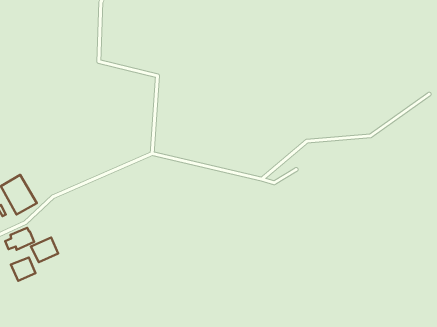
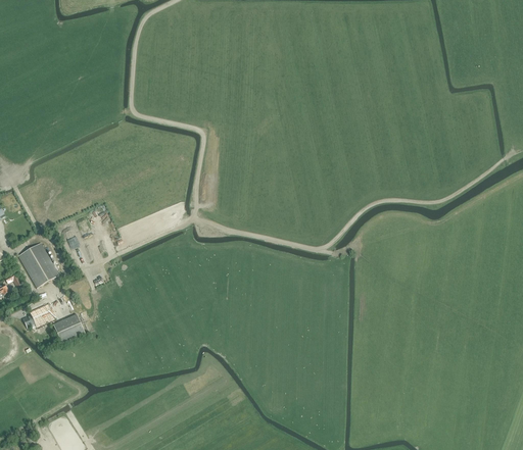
building: [11,257,35,281] -> none

